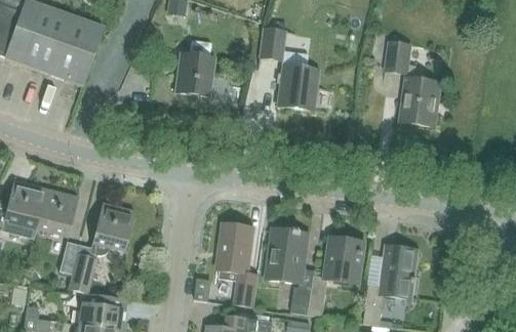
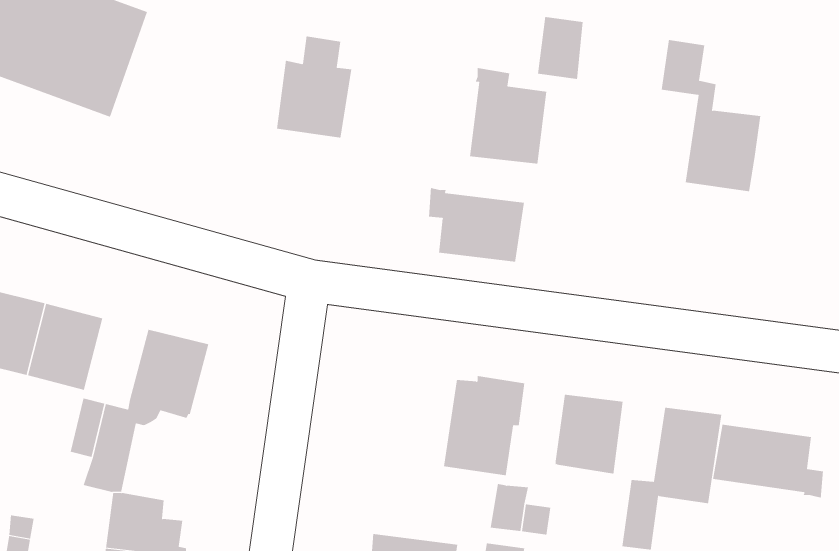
building: [261,29,286,64] -> [537,16,584,79]
building: none -> [428,187,524,263]
building: [216,223,257,307] -> none
building: none -> [713,424,824,499]

